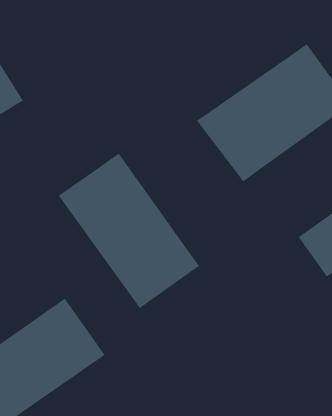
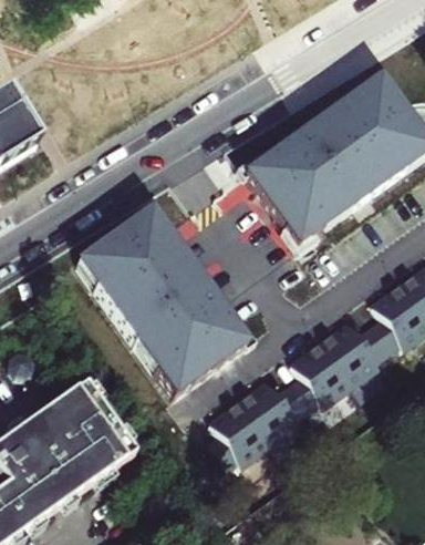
building: none -> [288,315,392,412]
building: none -> [204,373,308,472]

